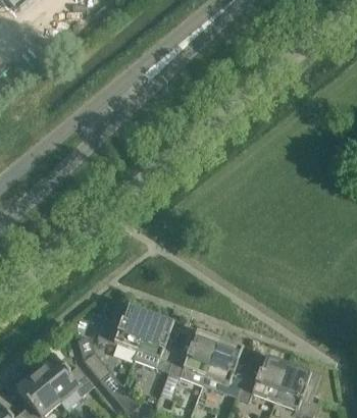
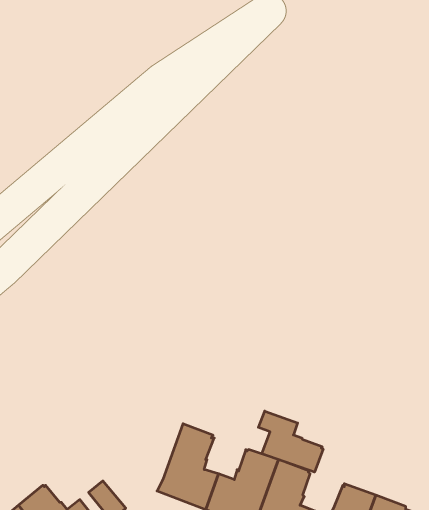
building: [97,303,151,353] -> none
building: none -> [258,411,323,472]

